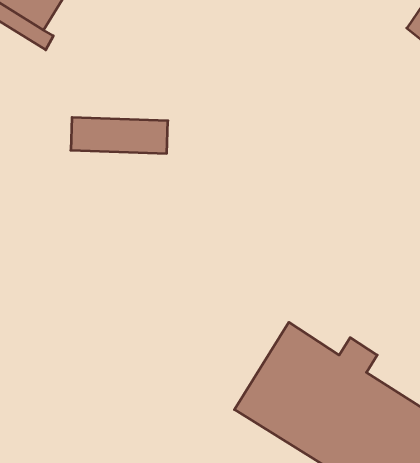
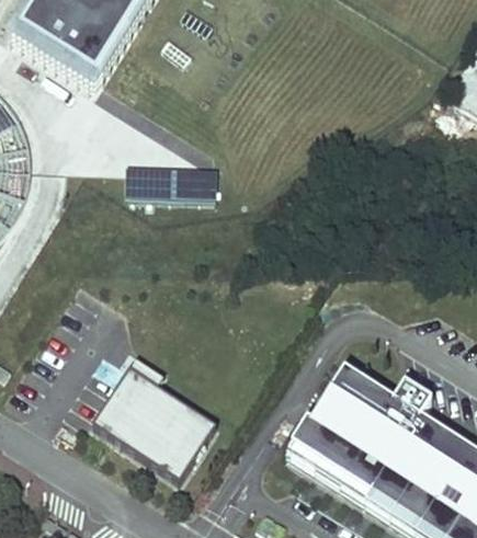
building: none -> [93,365,216,479]

